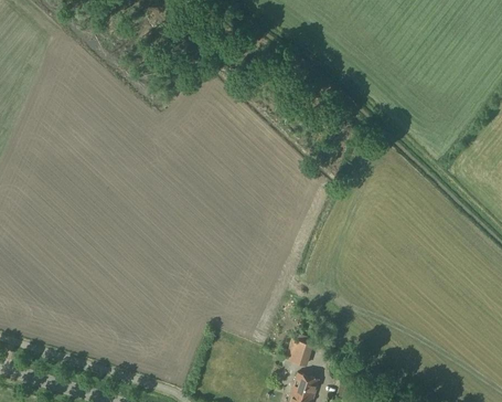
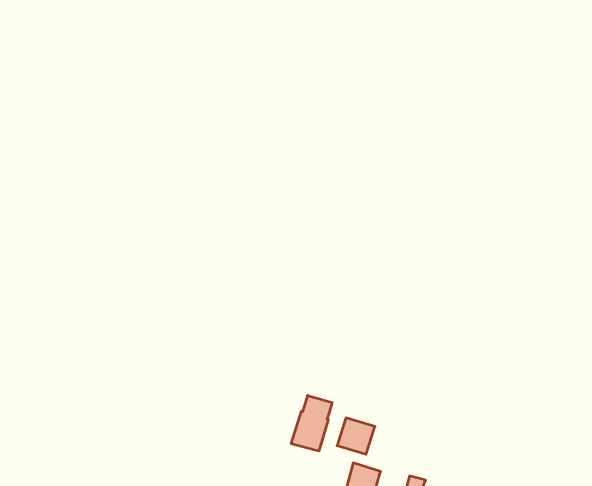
building: none -> [291,395,332,451]

